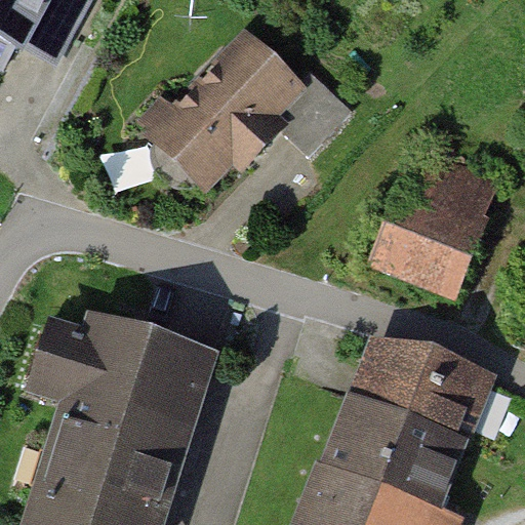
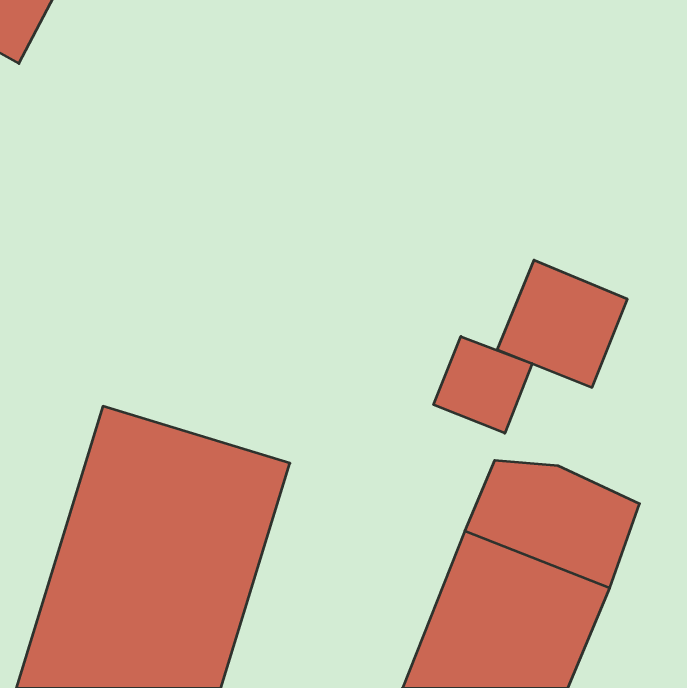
building: [153,41,349,186] -> none
building: none -> [434,336,532,433]

